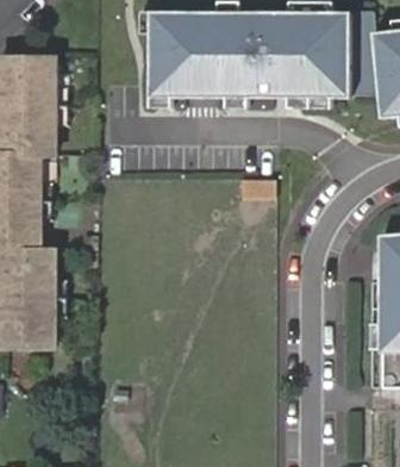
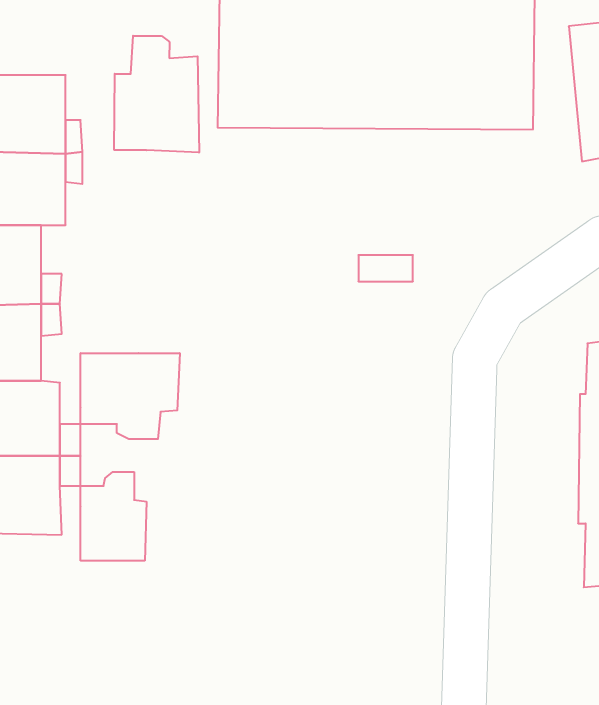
building: none -> [114,36,199,153]
building: none -> [81,353,180,439]
building: none -> [81,472,146,561]

